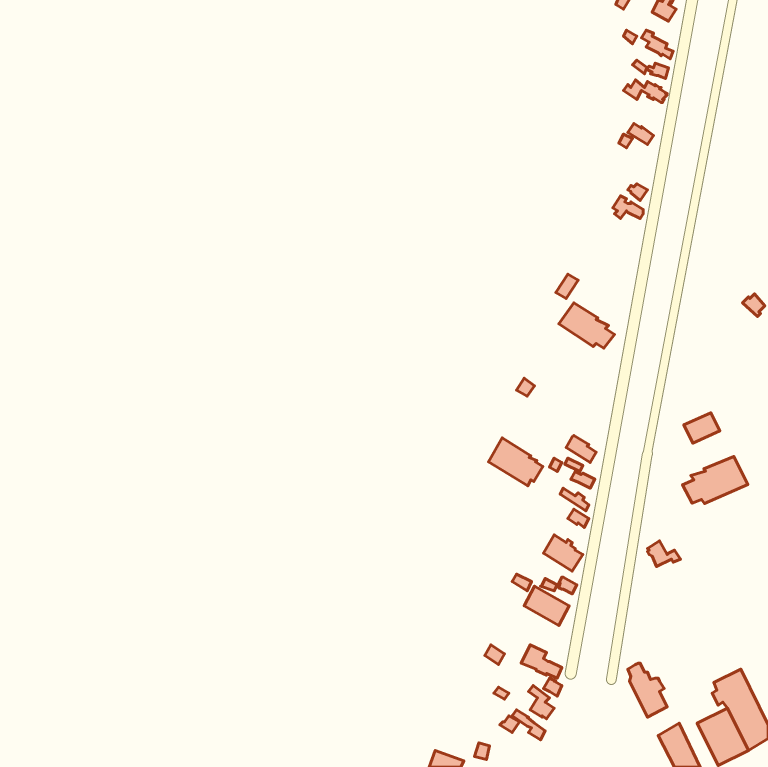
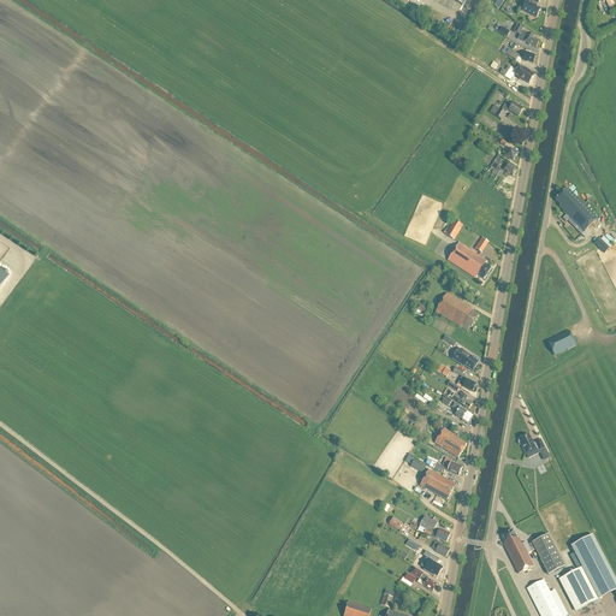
building: none -> [555,186,597,231]
building: [489,438,543,486] -> [434,291,478,330]
building: [682,456,748,504] -> none
building: none -> [531,533,564,574]

